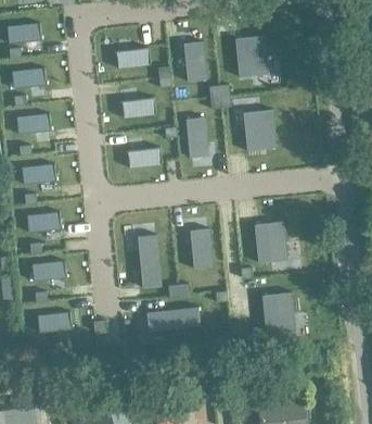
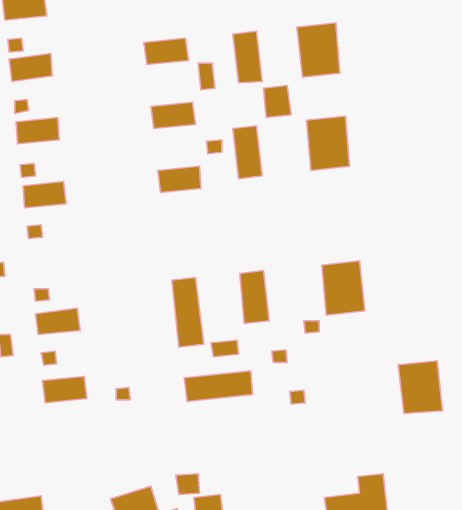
building: [26,210,61,230] -> none
building: [261,292,296,334] -> [398,361,443,414]

